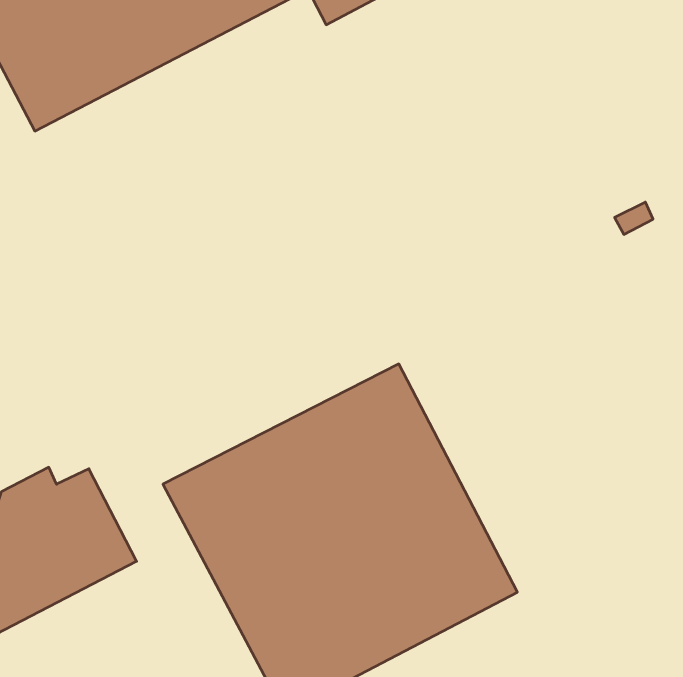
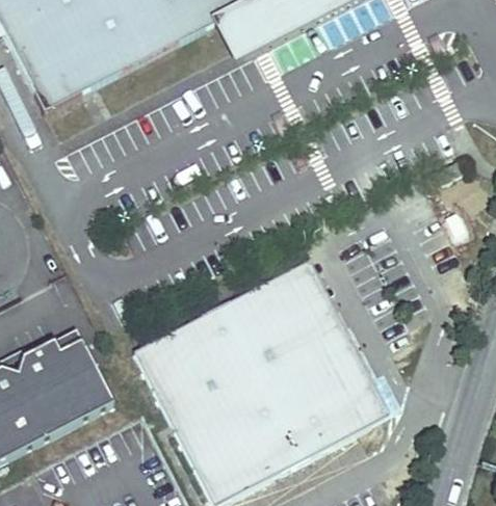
building: none -> [291,258,390,422]

